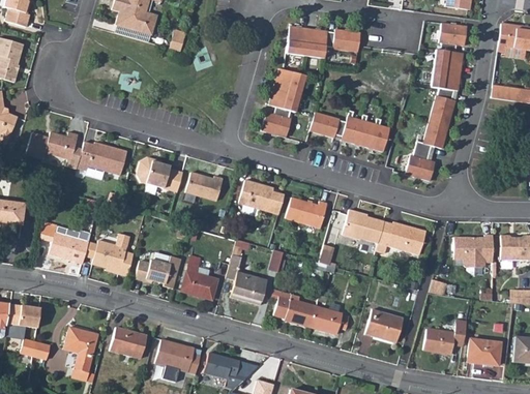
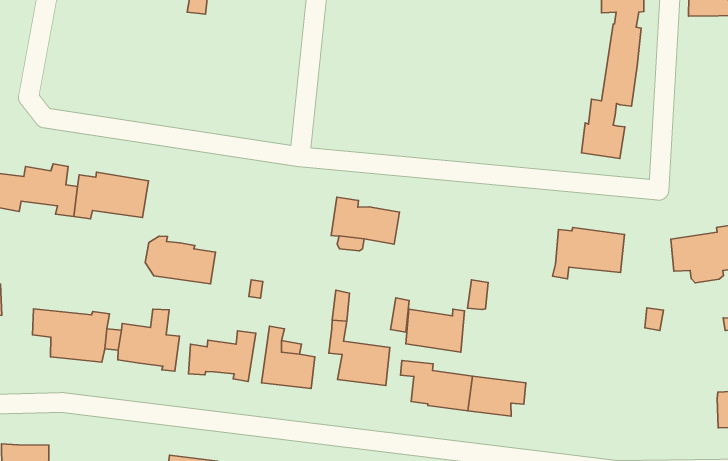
building: [262,67,306,137] -> none
building: [311,110,390,151] -> none
building: [139,156,184,191] -> [145,236,216,284]
building: [186,171,224,200] -> none
building: [287,196,327,229] -> [406,309,465,352]
building: [343,209,384,242] -> none
building: [364,308,403,340] -> none
building: [423,322,466,353] -> none

